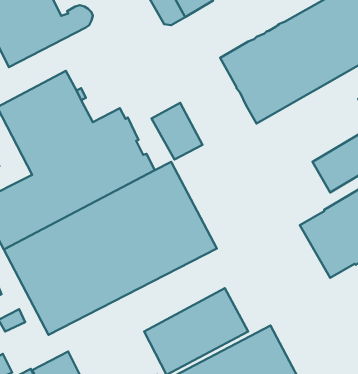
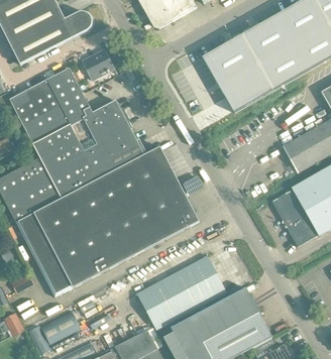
building: none -> [81,49,113,81]
building: [151,103,202,159] -> none

